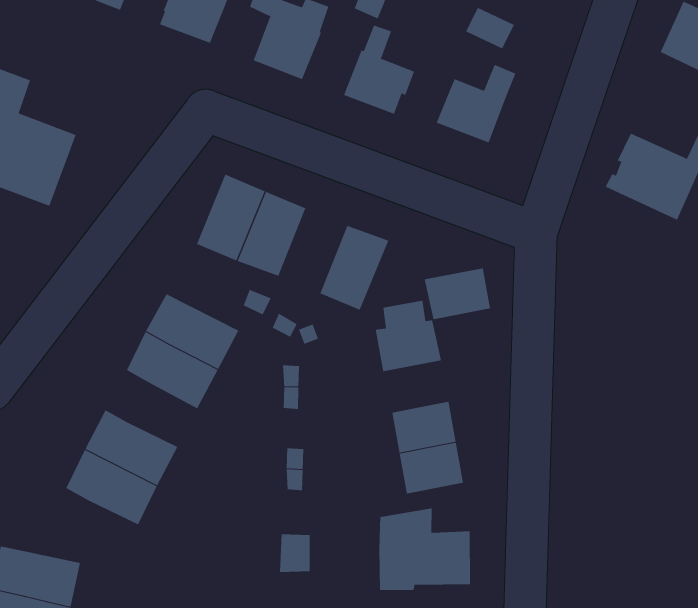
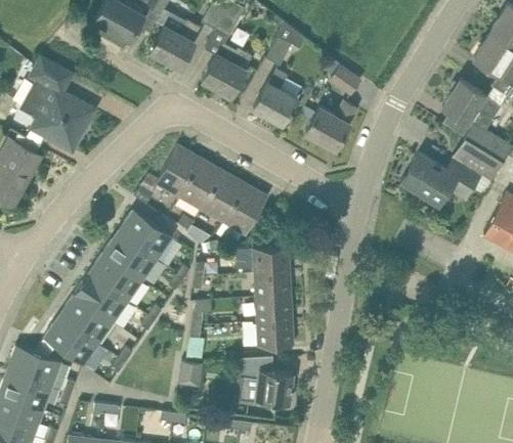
building: none -> [201,172,245,223]
building: [424,268,491,320] -> [254,272,291,299]
building: none -> [88,253,142,302]
building: none -> [43,317,98,366]

